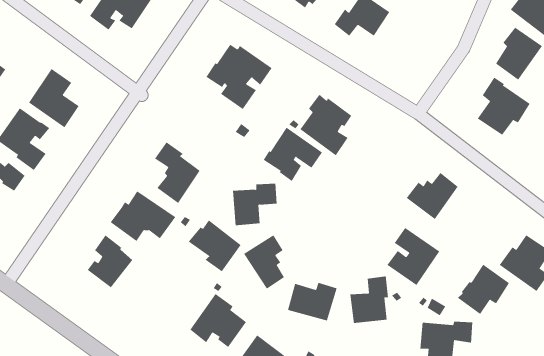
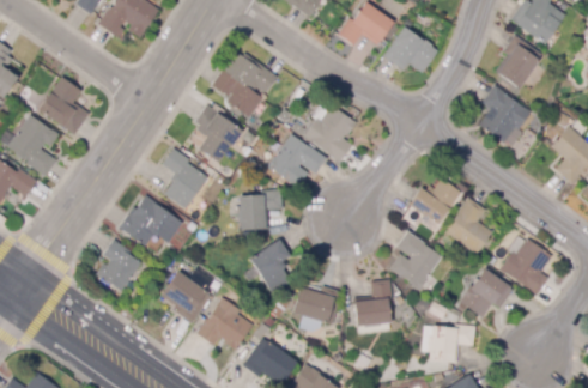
building: none -> [383,26,437,73]
building: none -> [195,105,242,163]
building: none -> [445,198,492,255]
building: [188,220,242,272] -> [158,272,211,323]

